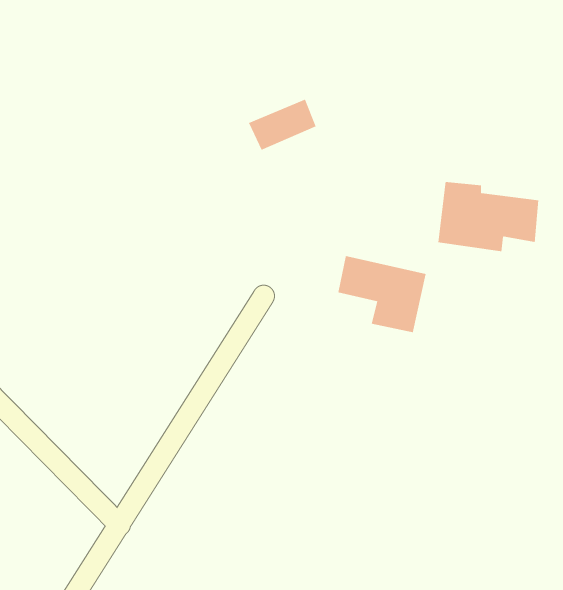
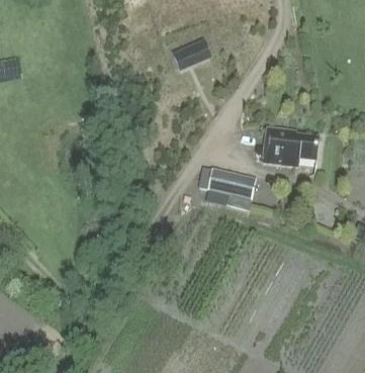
building: [248,99,317,151] -> [173,39,210,68]

